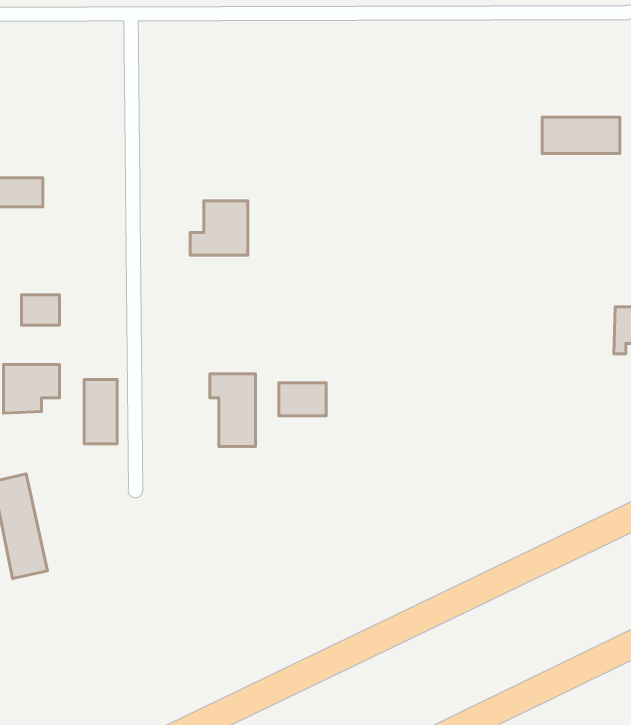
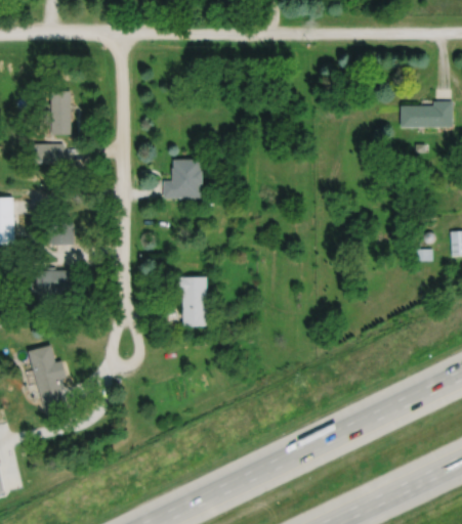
building: none -> [50,91,70,135]
building: [84,379,117,444] -> none
building: [279,383,326,416] -> none

